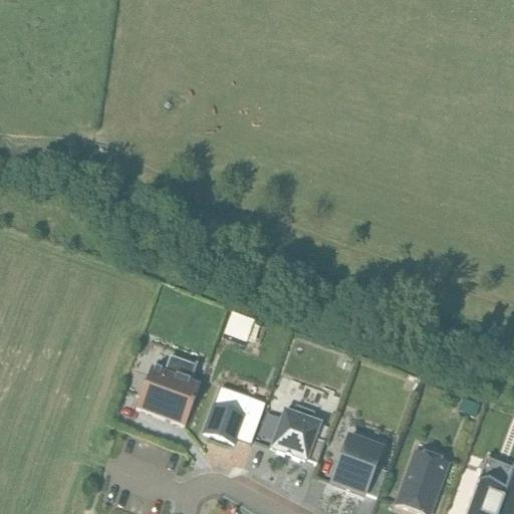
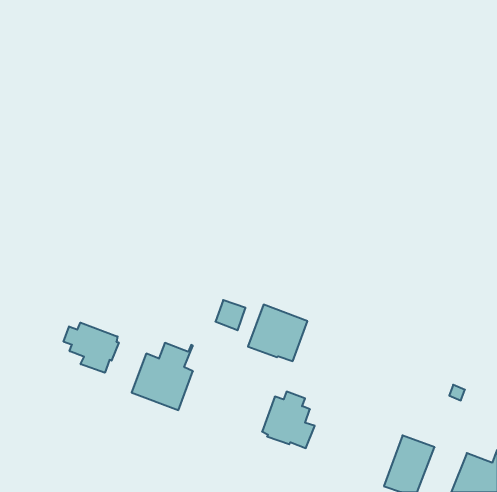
building: none -> [64,323,119,373]
building: [204,387,265,445] -> [248,305,307,361]
building: [331,436,388,494] -> none

